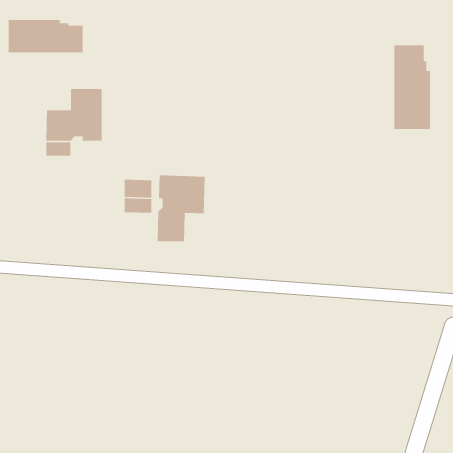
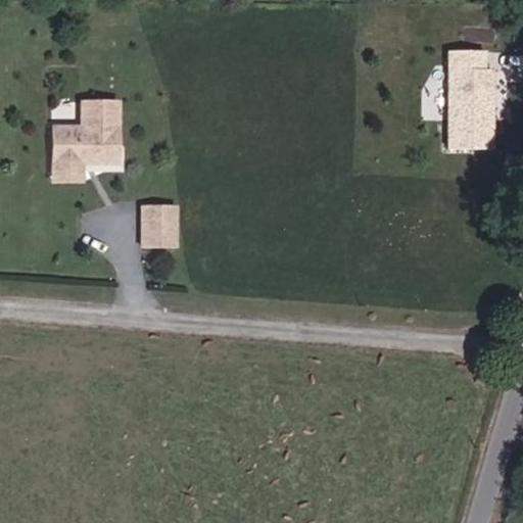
building: [8,19,84,53] -> none
building: [157,175,206,242] -> none

